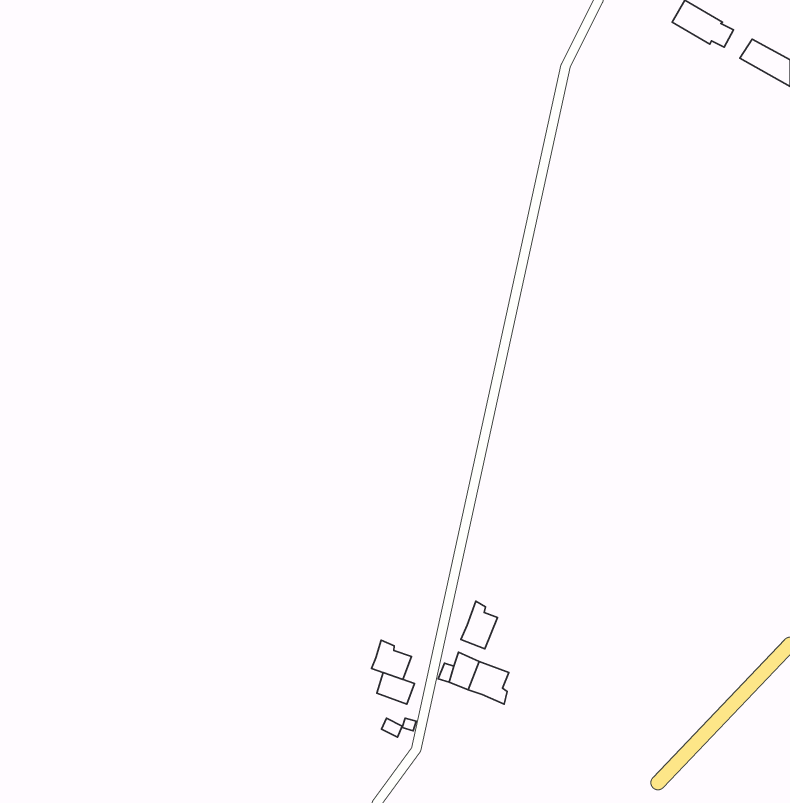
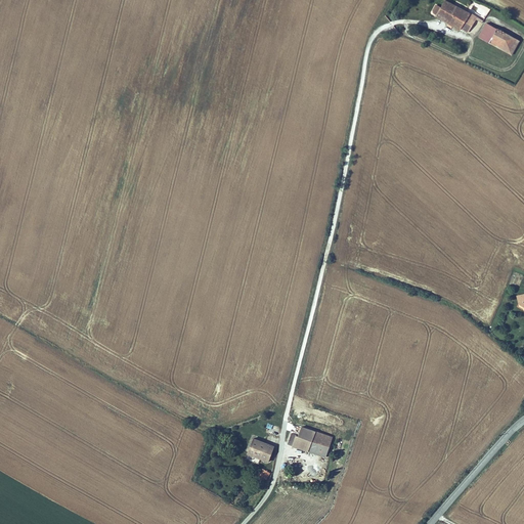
building: [461,601,498,649] -> none
building: [371,640,411,679] -> none

